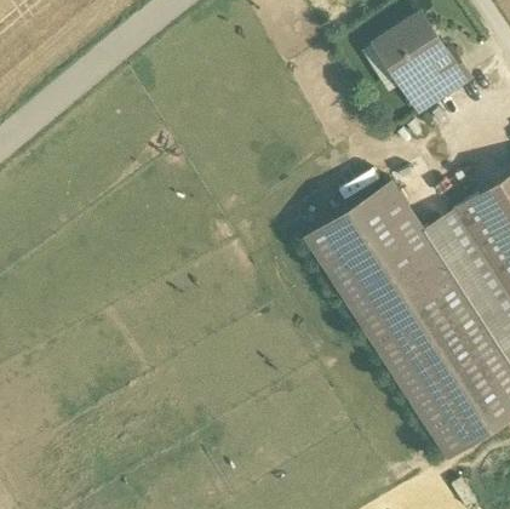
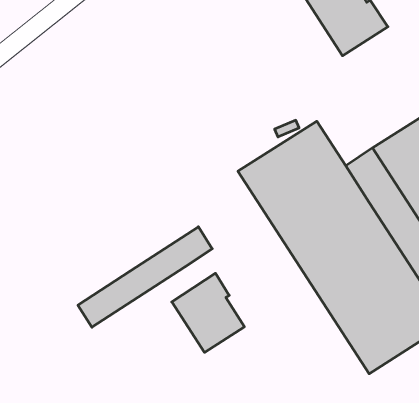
building: none -> [78,227,212,327]
building: none -> [172,273,244,352]

